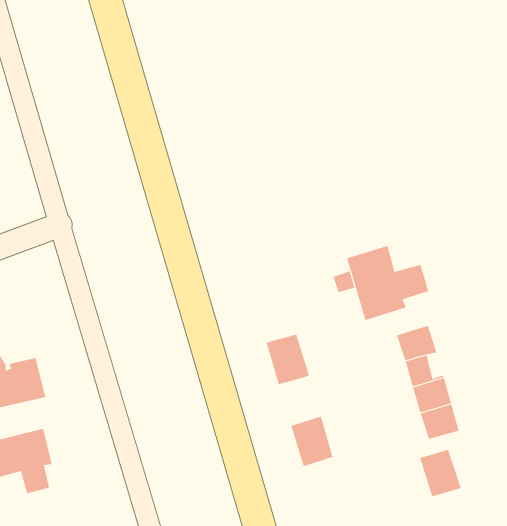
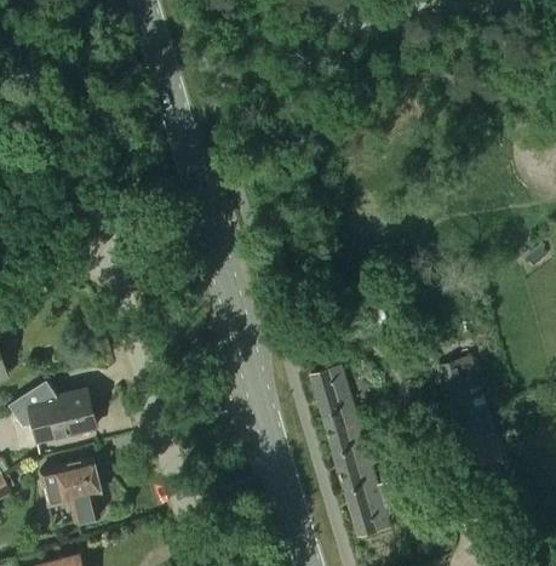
building: [346,245,429,321] -> none
building: none -> [322,407,365,456]
building: [420,449,461,497] -> none
building: none -> [346,480,395,536]

